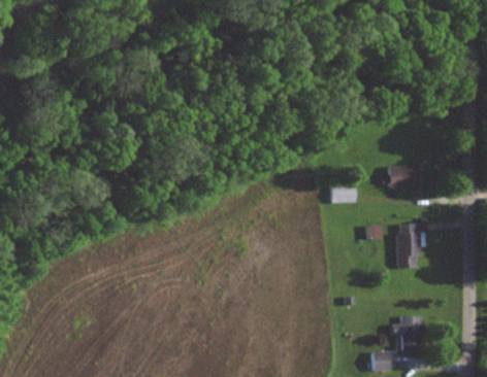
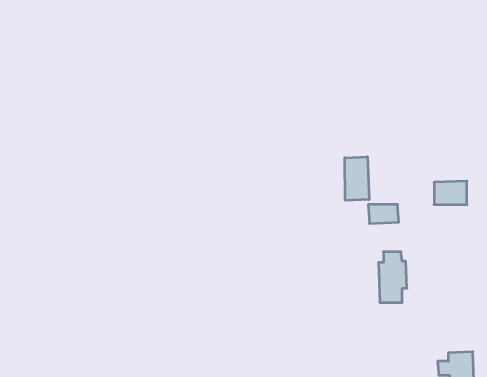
building: none -> [345,157,369,200]
building: [396,225,421,269] -> [379,252,407,302]

